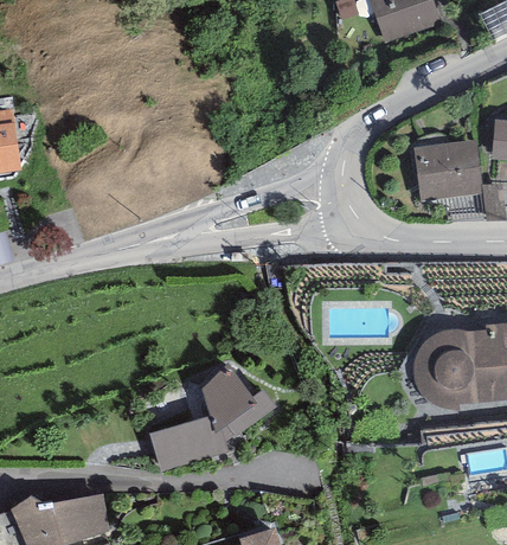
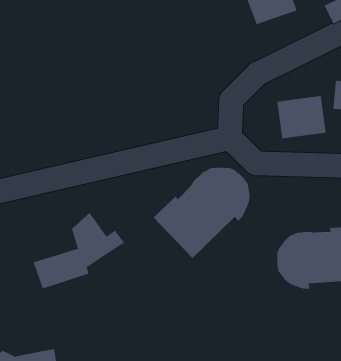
building: none -> [153,167,250,259]
building: [148,364,276,472] -> [33,212,125,289]

